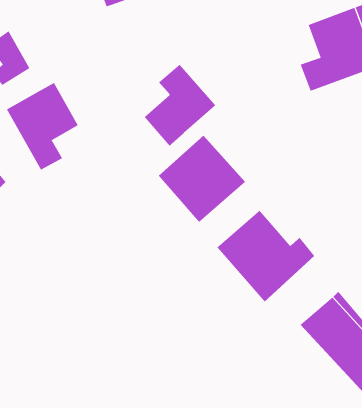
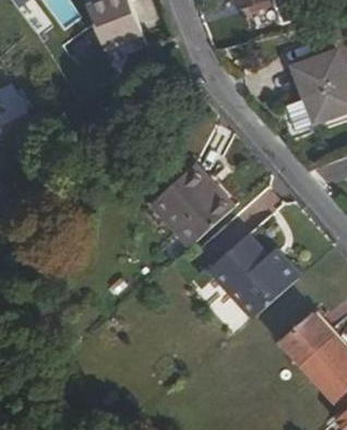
building: [144,64,216,146] -> none
building: [6,82,78,170] -> none

